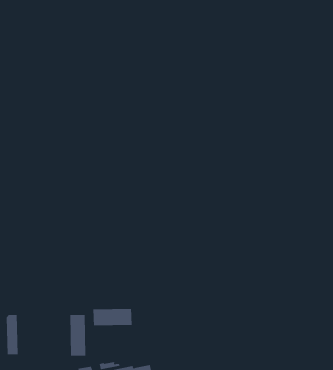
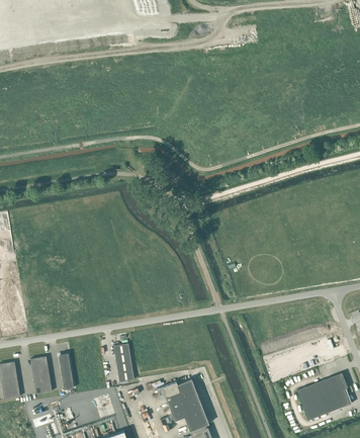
building: [93,308,132,326] -> none

